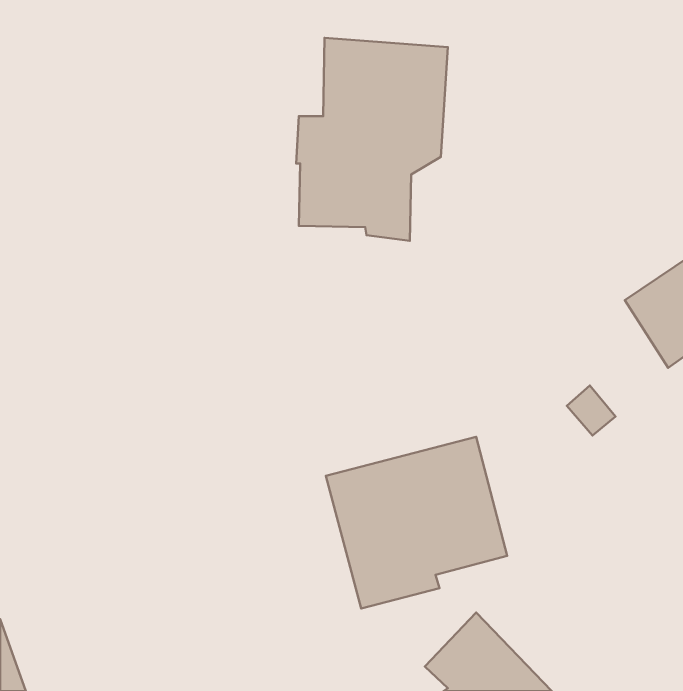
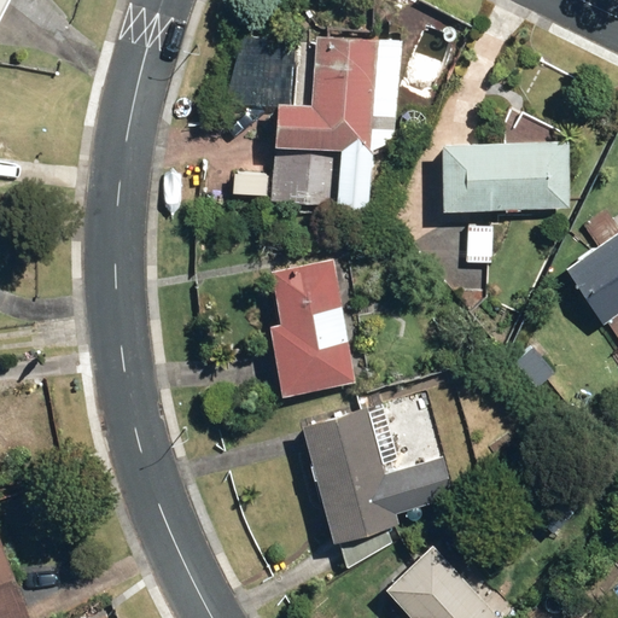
building: none -> [441,144,569,264]
building: none -> [266,260,357,396]

